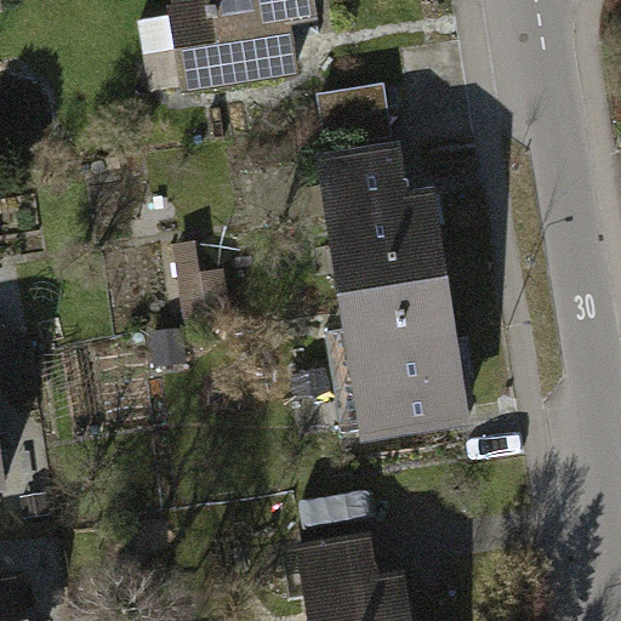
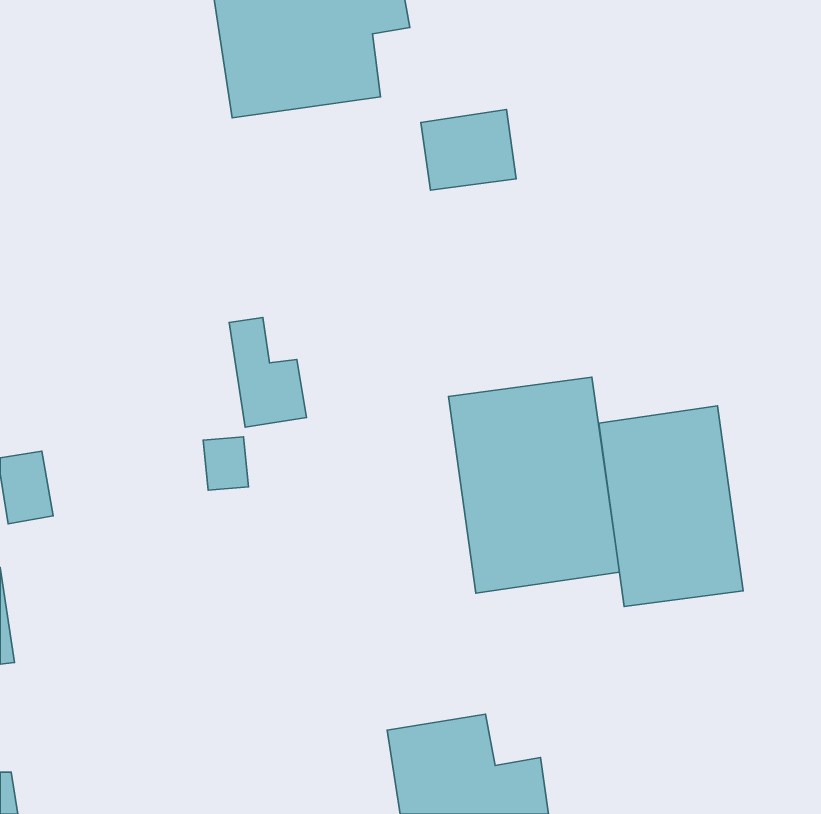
building: [320,148,448,298] -> none
building: none -> [599,406,743,607]

